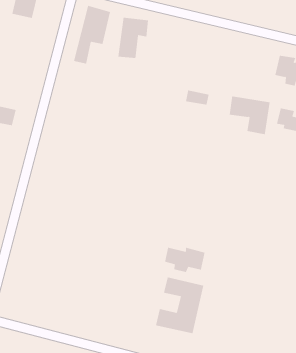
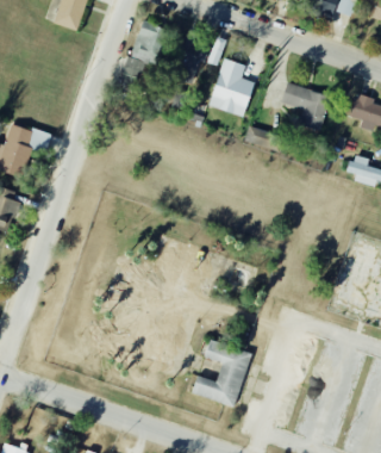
building: none -> [210,60,252,116]
building: [229,96,270,135] -> [280,83,329,131]
building: [164,247,205,273] -> none

